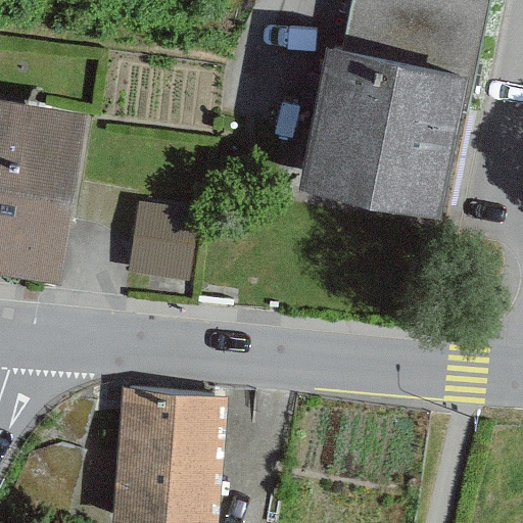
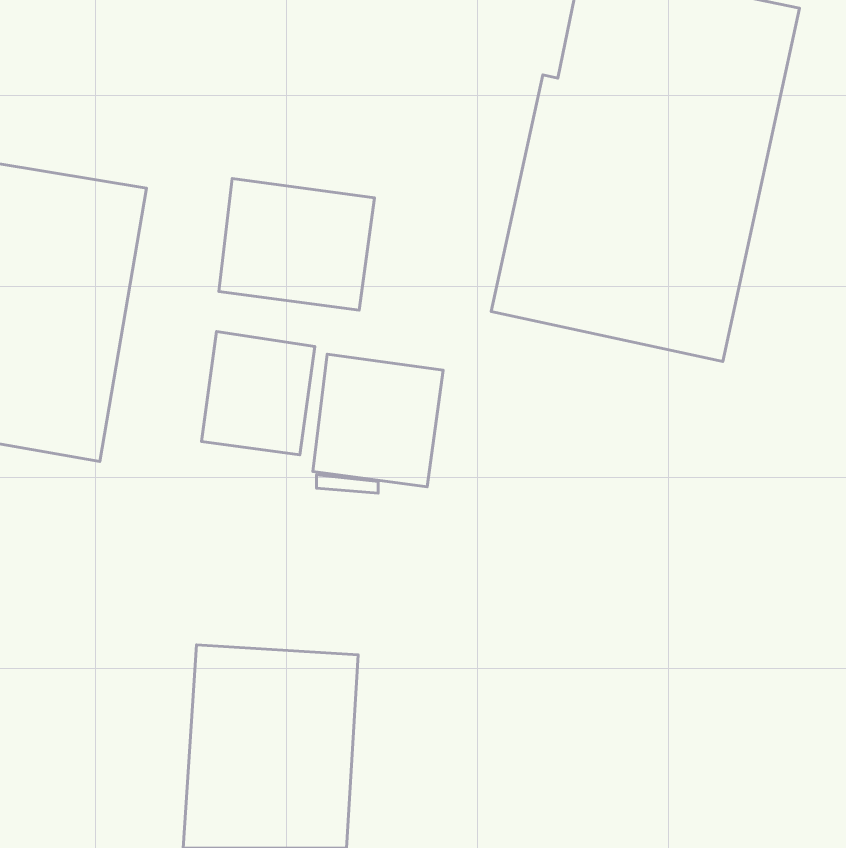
building: none -> [219,178,375,310]
building: none -> [313,354,443,487]

